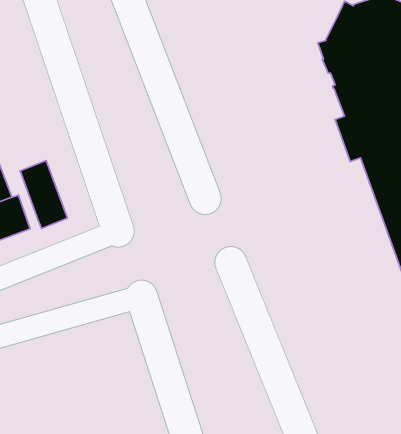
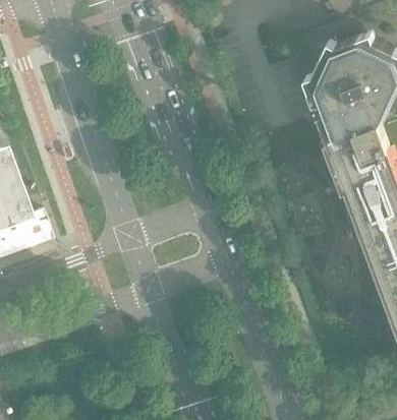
building: [20,160,67,228] -> none

